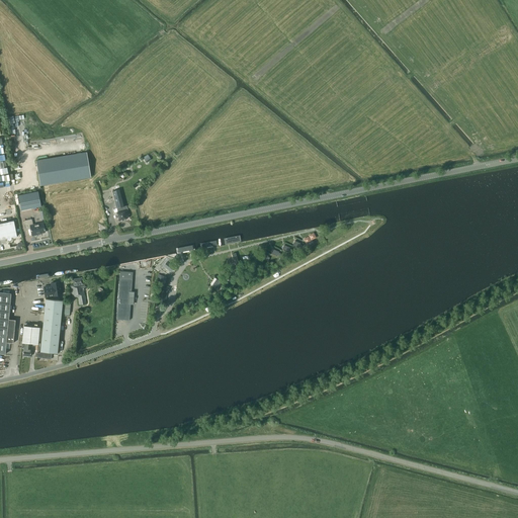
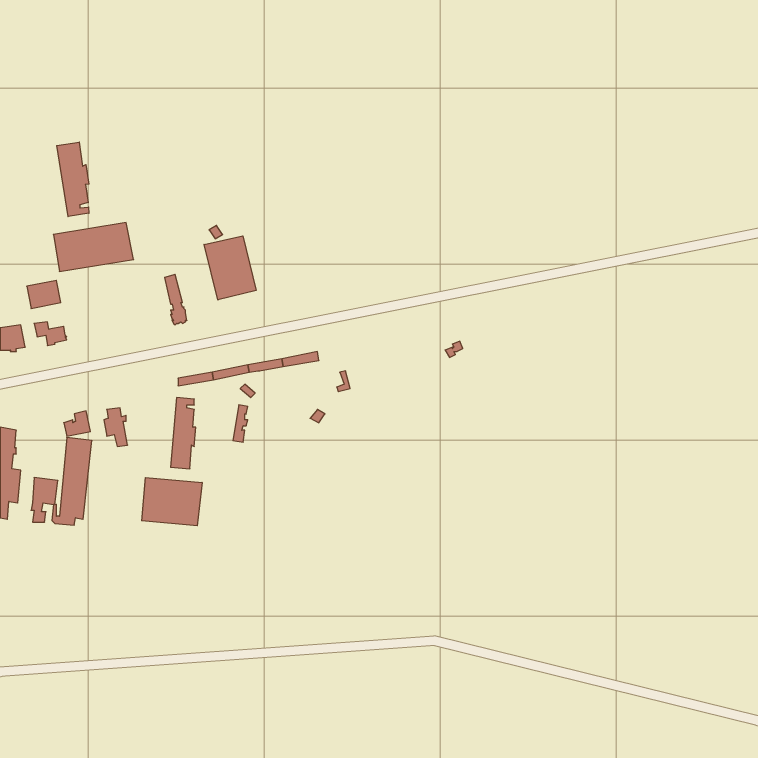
building: none -> [57,142,89,217]
building: none -> [204,236,256,300]
building: none -> [142,478,202,526]

